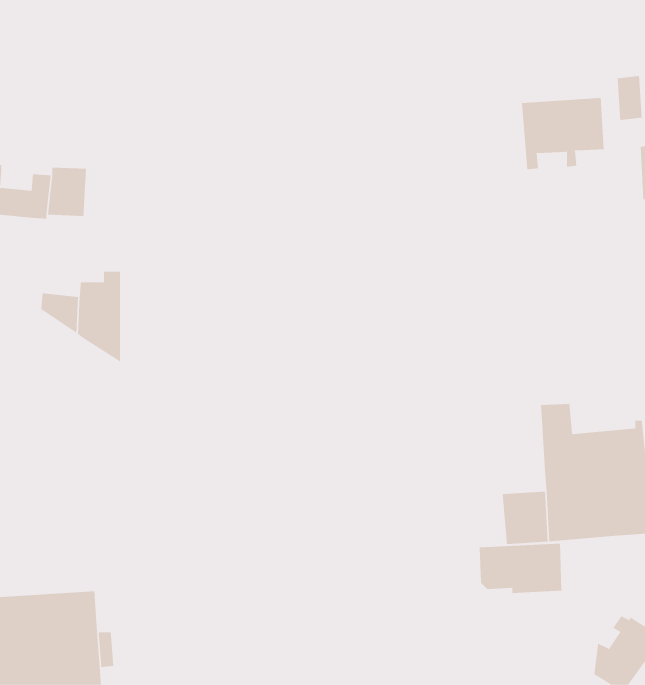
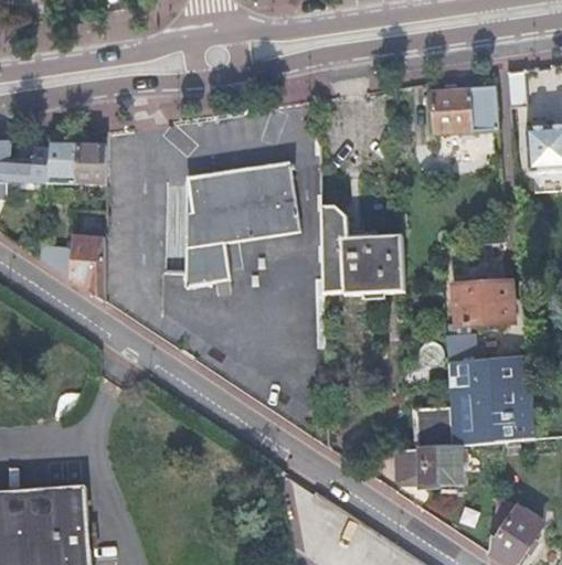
building: none -> [76,140,106,184]
building: none -> [184,162,299,285]
building: none -> [320,203,403,291]
building: none -> [453,279,510,326]

